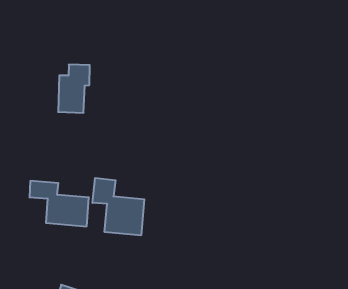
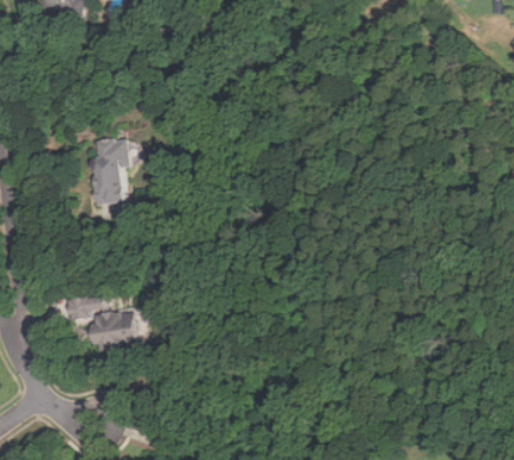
building: [92,178,144,235] -> none

